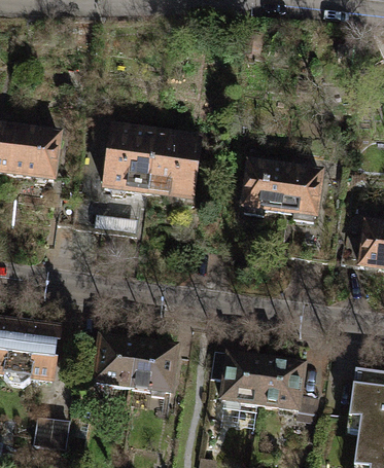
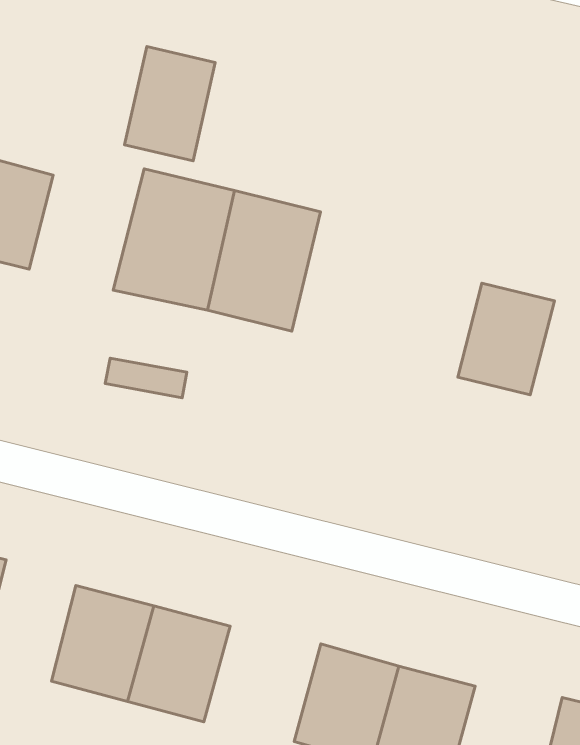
building: none -> [125,47,215,161]
building: [241,155,288,210] -> none

